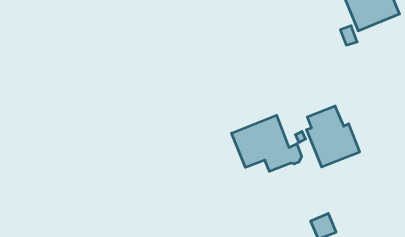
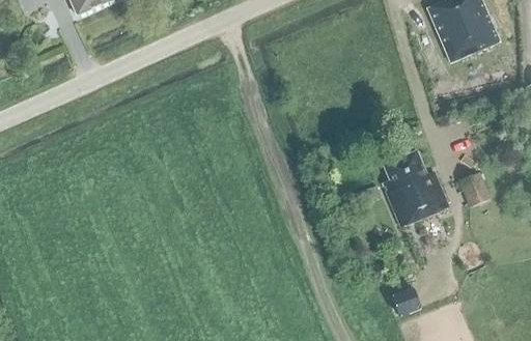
building: [232,115,302,171] -> none
building: none -> [462,175,490,208]

